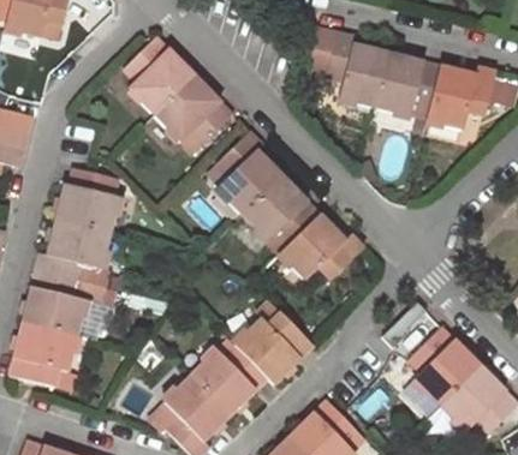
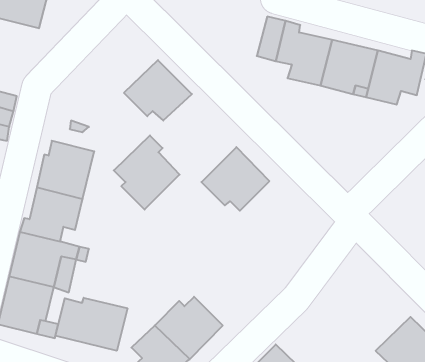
building: [121,37,192,114] -> none
building: [207,131,281,215] -> [114,135,180,210]
building: [280,214,363,282] -> none
building: [233,312,311,383] -> none
building: [407,328,478,406] -> none
building: none -> [55,298,127,351]

